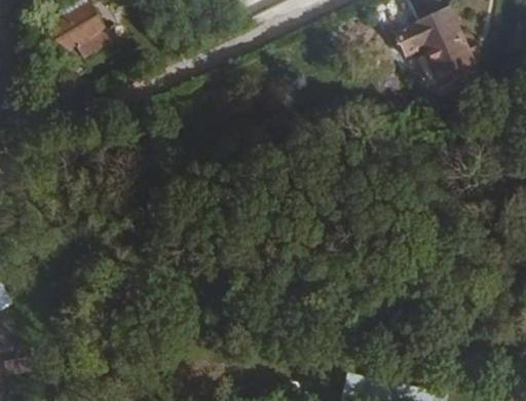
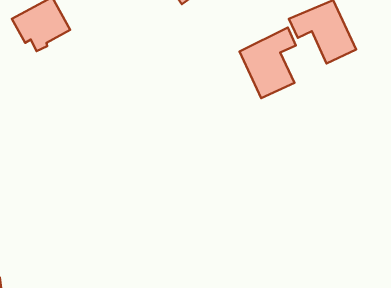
building: none -> [240,27,296,98]

